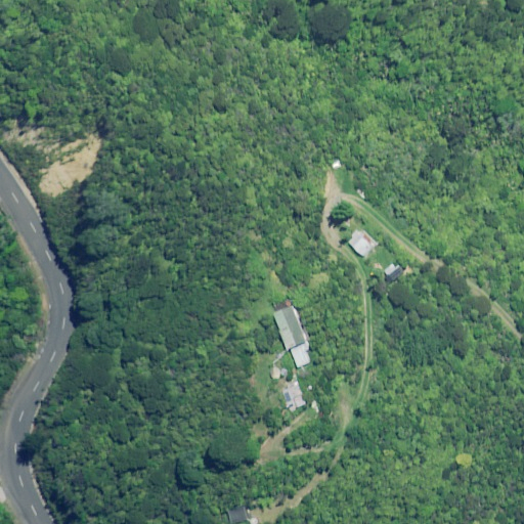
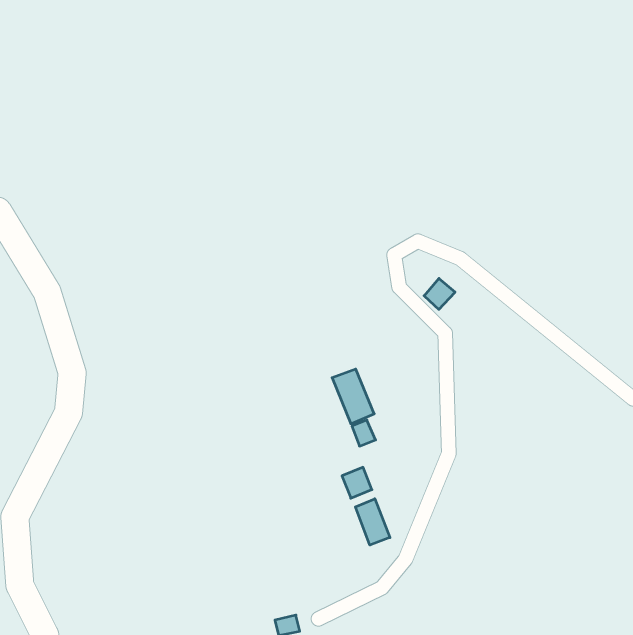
building: none -> [355,499,390,545]

